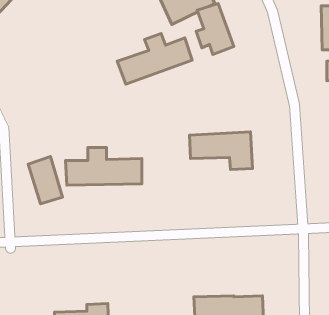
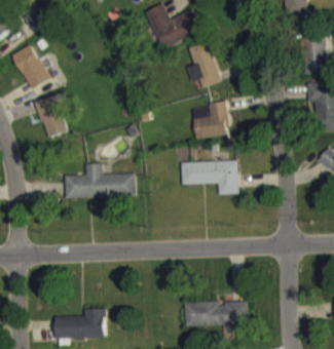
building: none -> [10,44,50,90]
building: [117,33,192,84] -> none
building: none -> [191,103,229,139]
building: [28,156,63,204] -> [35,94,67,139]

